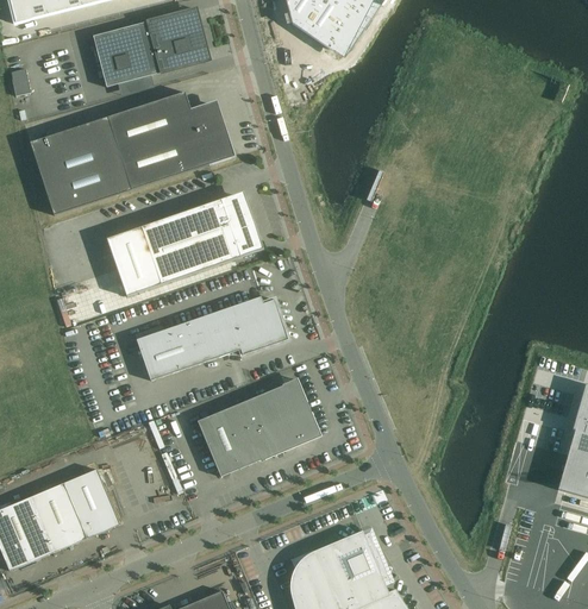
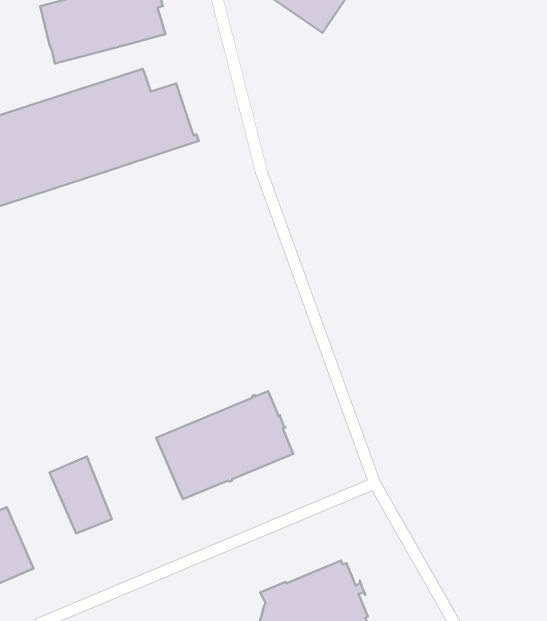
building: [106,196,263,294] -> none
building: [136,295,288,379] -> none
building: [63,467,119,536] -> [49,456,112,534]

